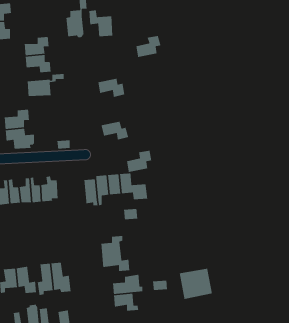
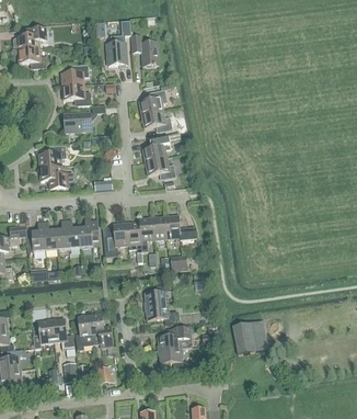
building: [136,35,161,58] -> [139,89,168,114]
building: [126,150,152,173] -> [142,136,171,161]
building: none -> [104,222,128,257]

